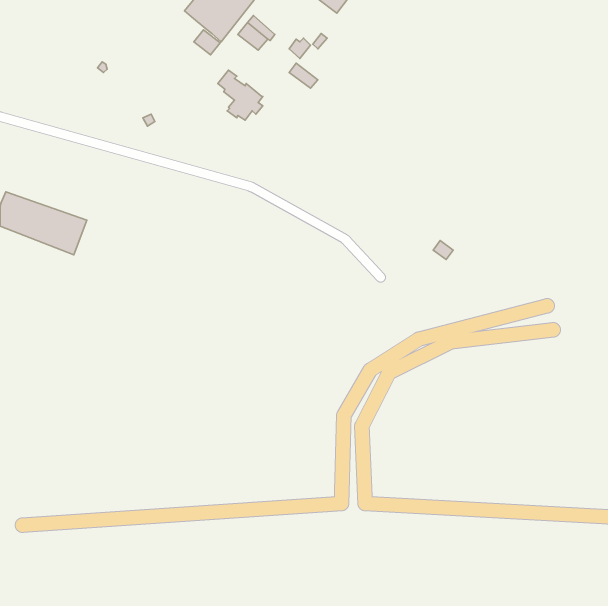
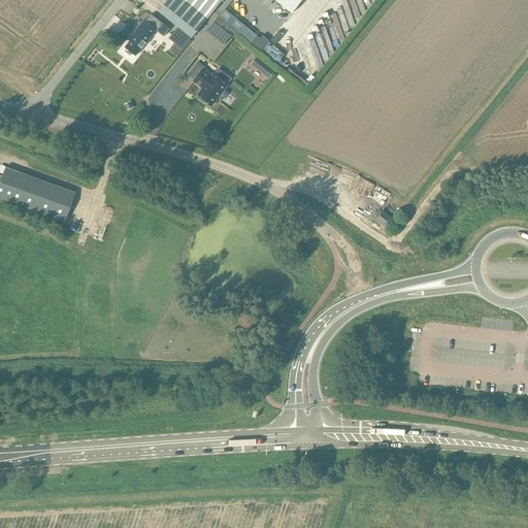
building: none -> [125,12,169,55]

